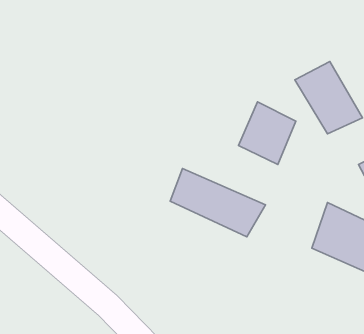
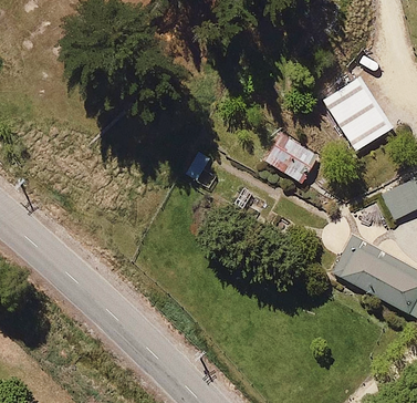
building: [170,168,266,237] -> none

